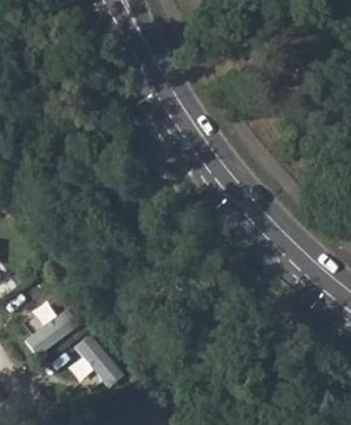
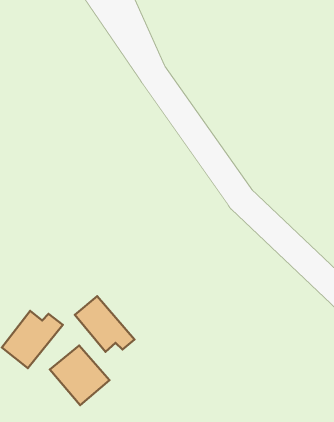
building: none -> [75,296,135,352]

